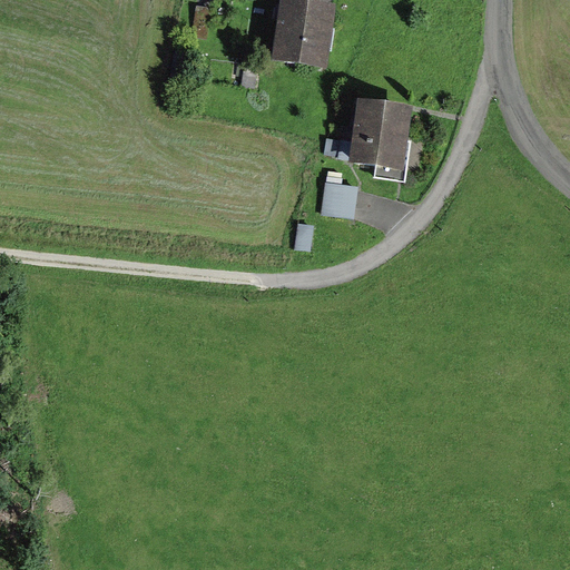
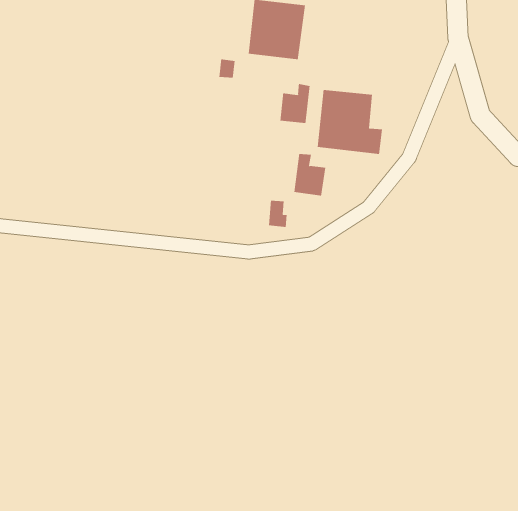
building: none -> [280,83,310,124]

